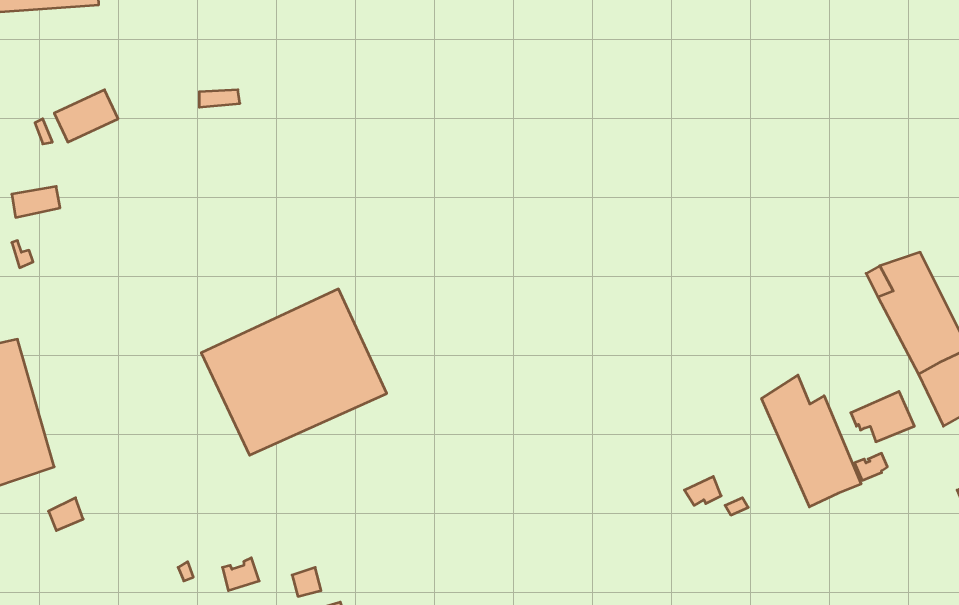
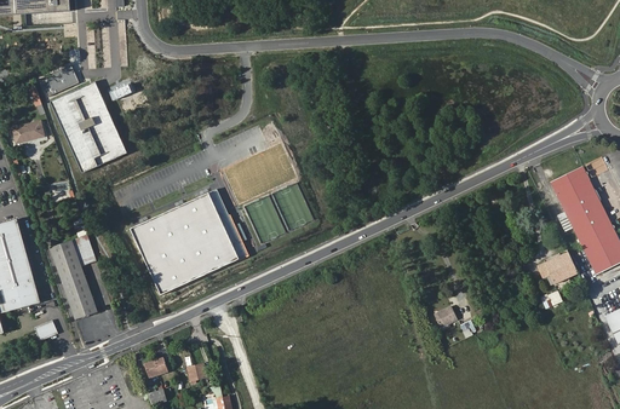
building: none -> [50,81,127,173]
building: none -> [51,237,97,321]
building: [762,375,861,507] -> none

